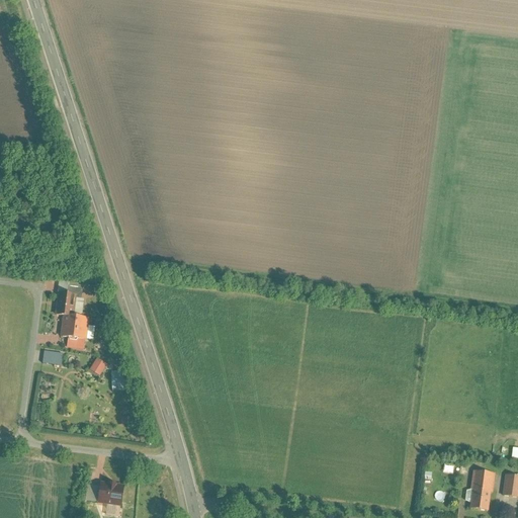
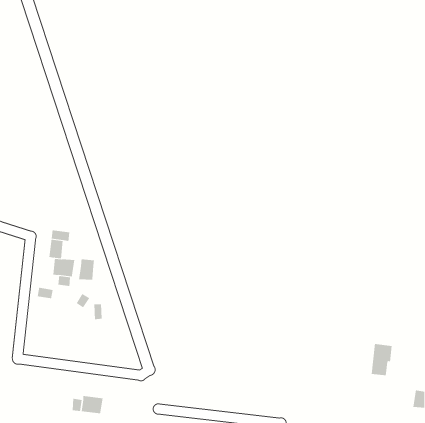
building: none -> [79,258,94,281]
building: [467,470,494,510] -> [371,343,392,376]

